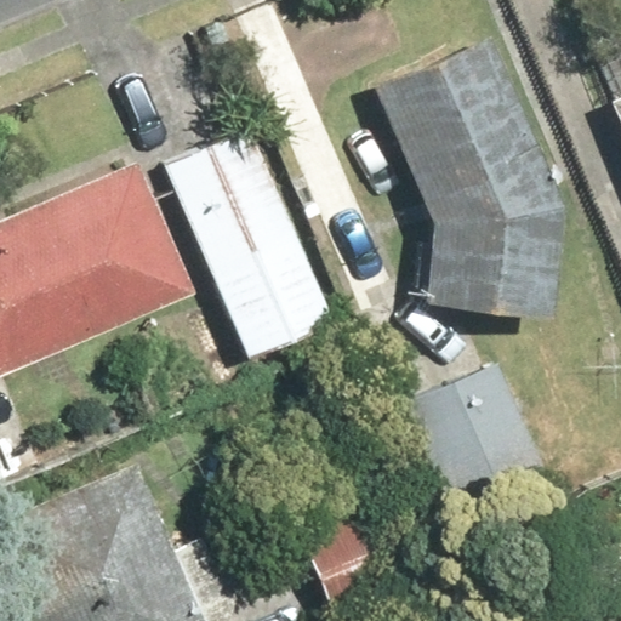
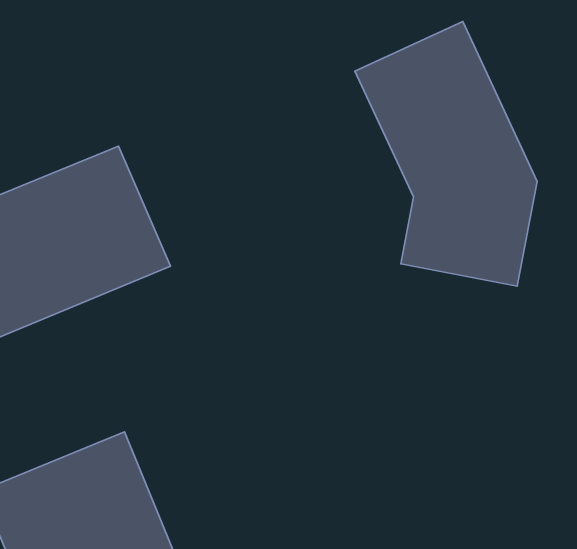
building: [152,126,338,364] -> none
building: [399,364,541,506] -> none

